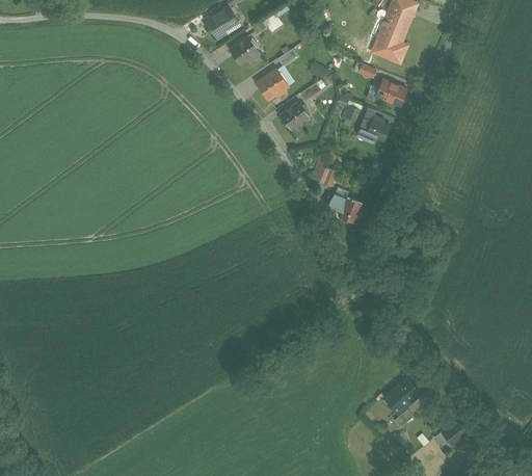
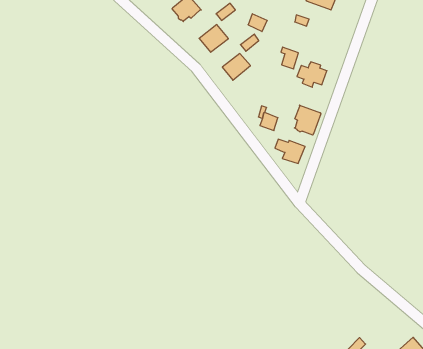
building: [375,78,406,105] -> none
building: none -> [294,105,321,135]
building: [391,381,421,415] -> none

